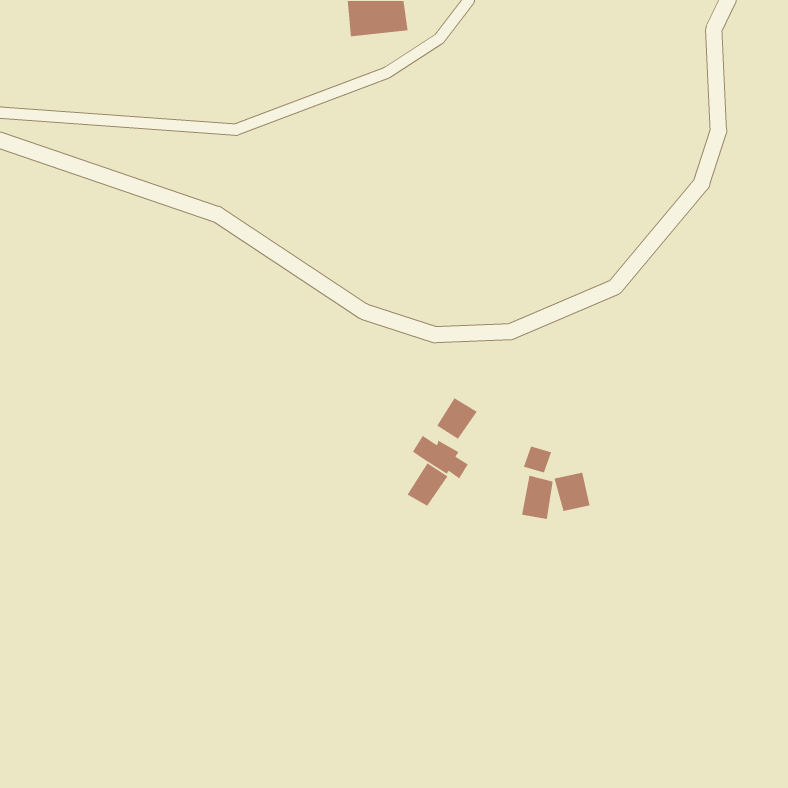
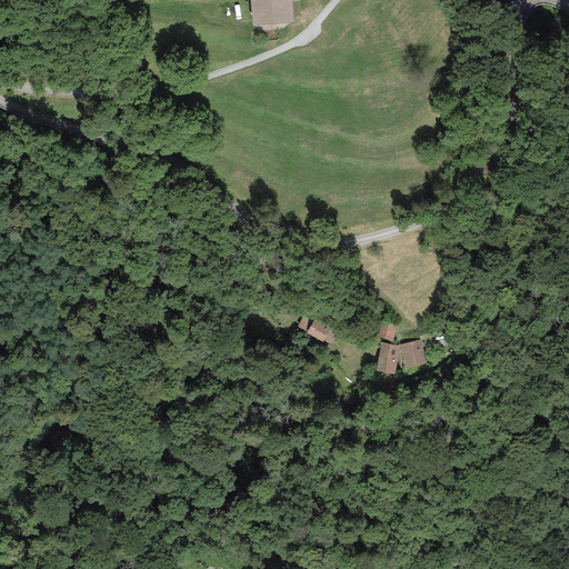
building: [436,397,478,440] -> none
building: [406,462,448,507] -> none

